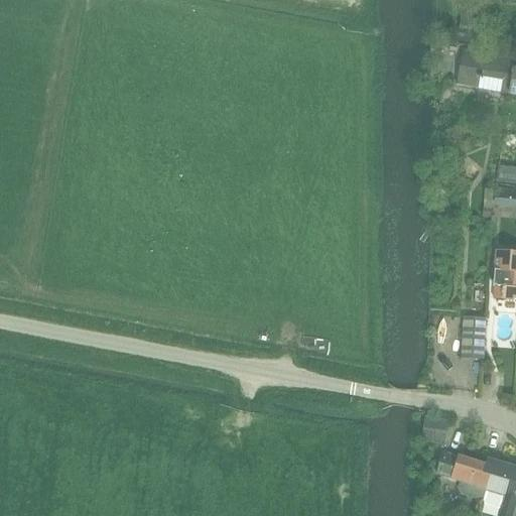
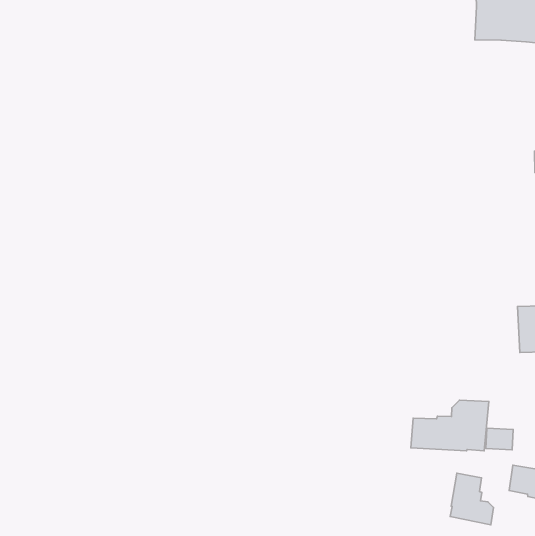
building: none -> [411,400,489,451]
building: none -> [450,473,494,525]

